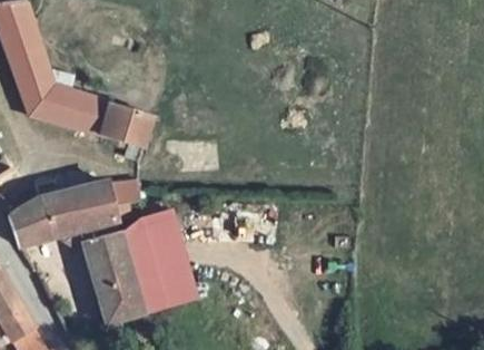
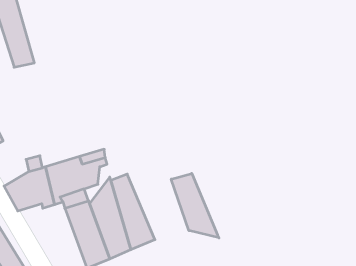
building: [19,77,140,155] -> none
building: none -> [171,173,219,238]

